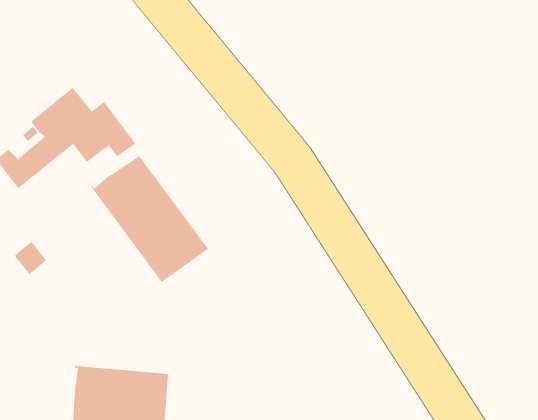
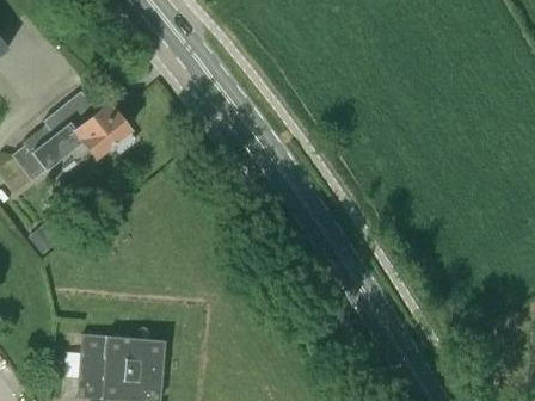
building: [90,152,209,283] -> none

